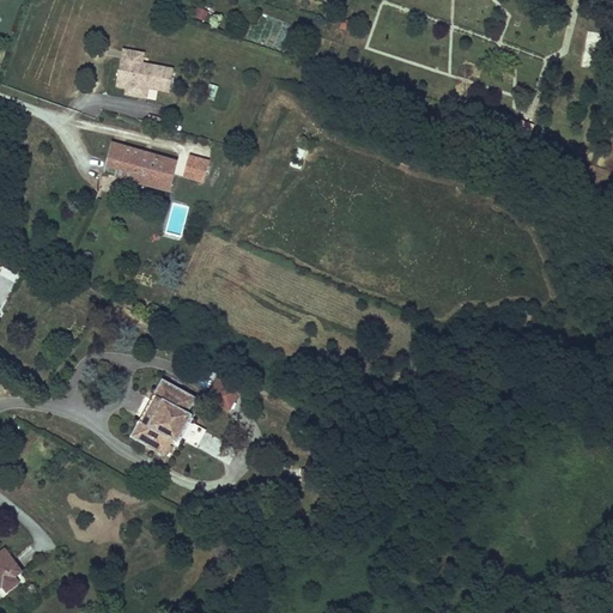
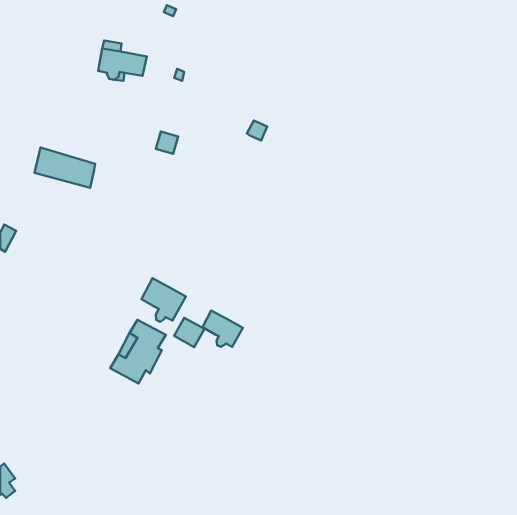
building: [104,141,176,189] -> [34,147,95,188]
building: none -> [141,278,186,322]
building: none -> [203,311,243,347]

